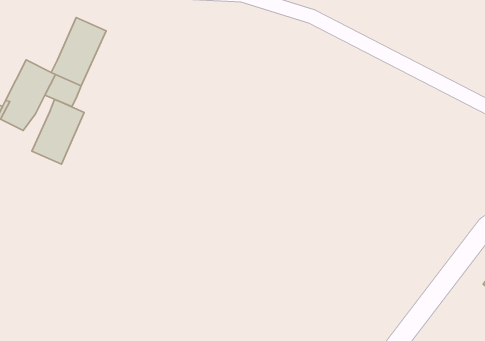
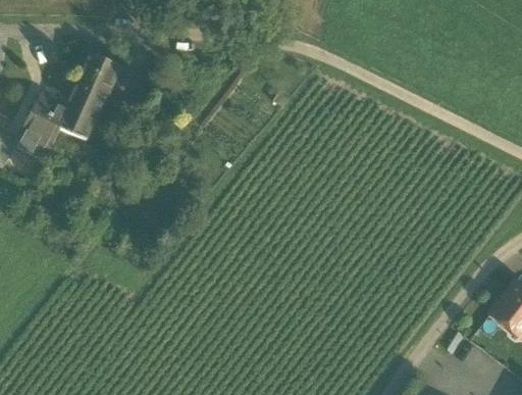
building: [32,99,84,164] -> none

